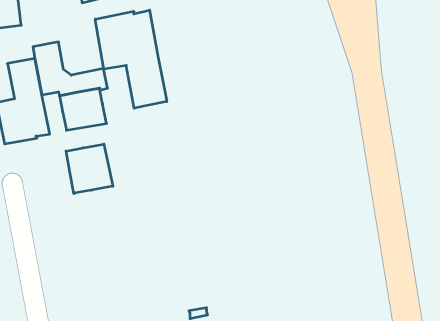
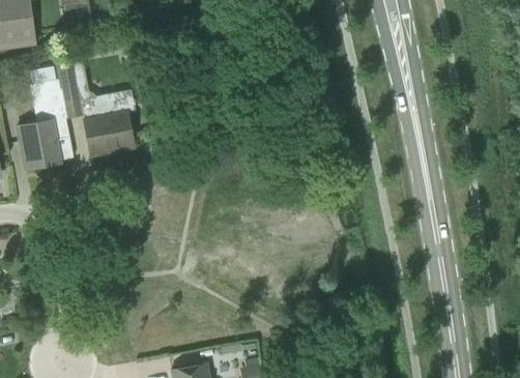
building: [95,10,167,108] -> none
building: [66,144,113,194] -> none

